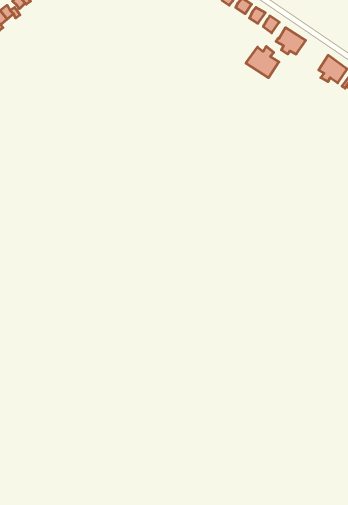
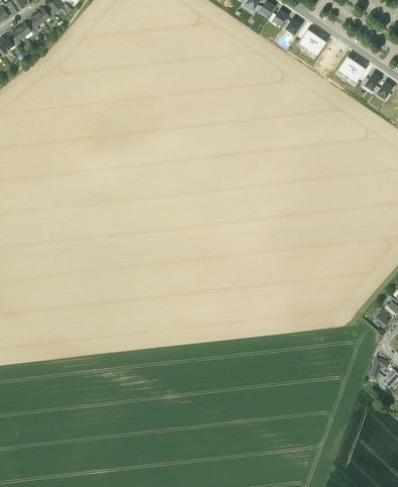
building: [246,46,279,78] -> none

